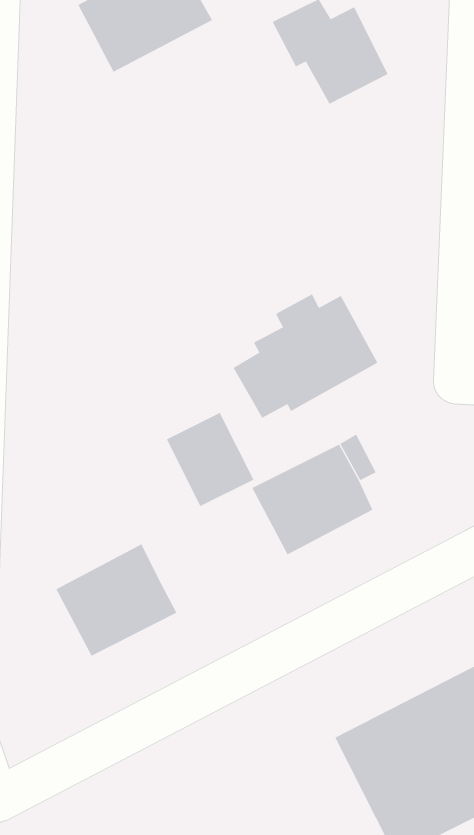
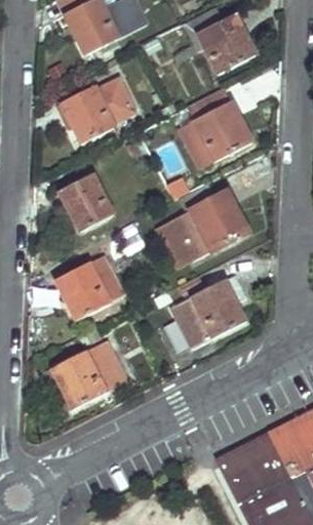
building: none -> [61,81,133,144]
building: none -> [184,86,251,162]
building: none -> [58,174,113,232]
building: [166,412,254,507] -> [55,262,109,320]

